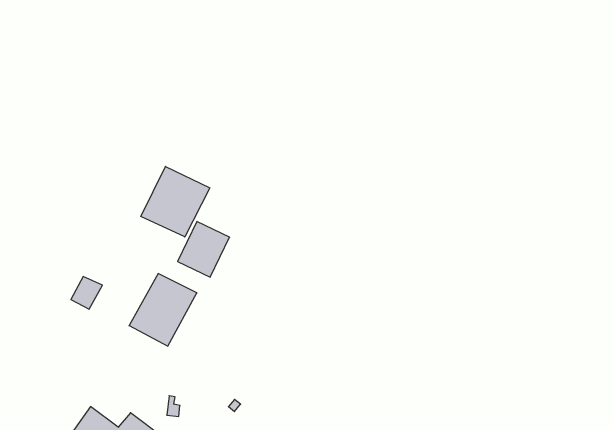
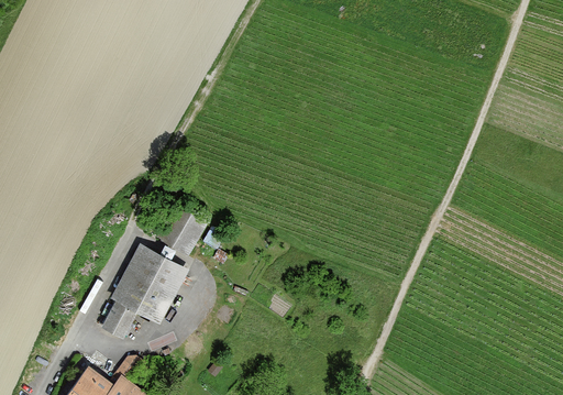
building: [141,166,210,237] -> none
building: [71,277,102,309] -> [102,307,131,337]

